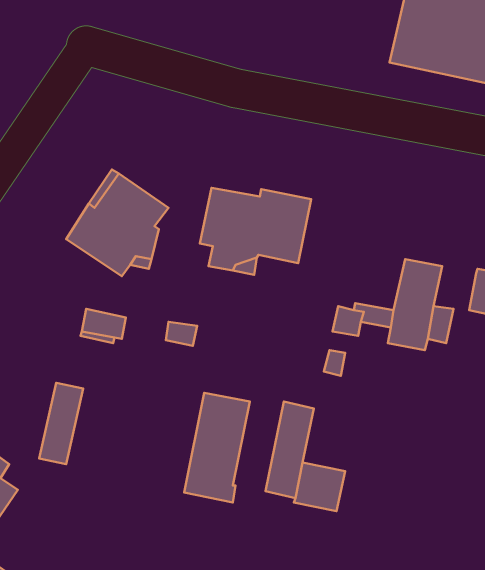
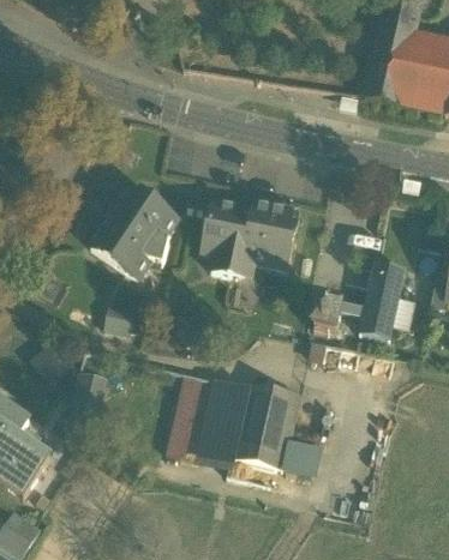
building: none -> [166,373,200,454]
building: none -> [231,377,274,457]

